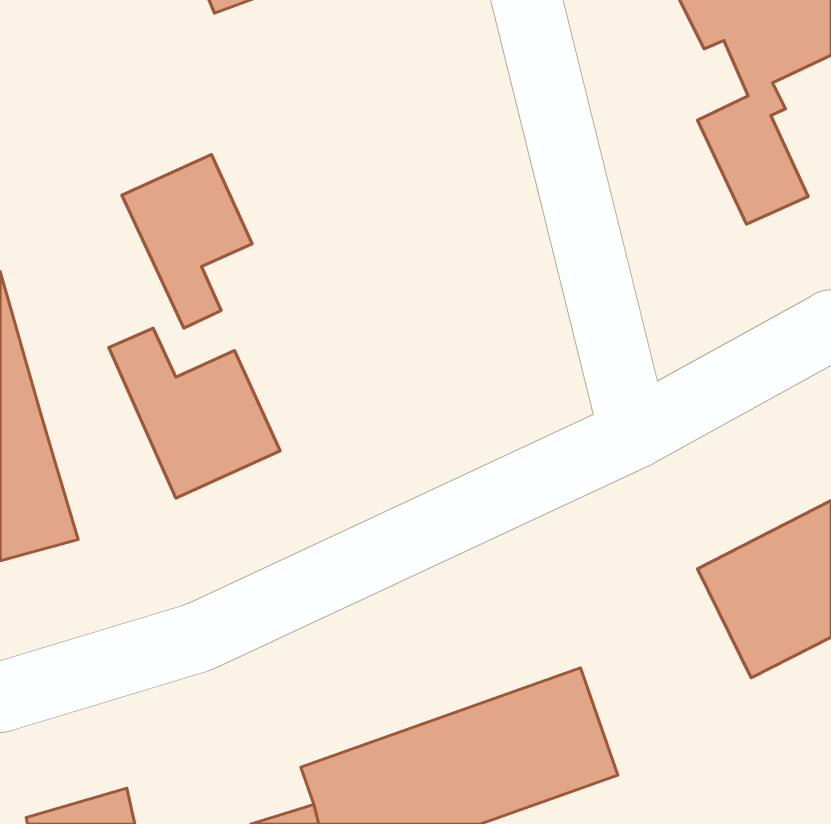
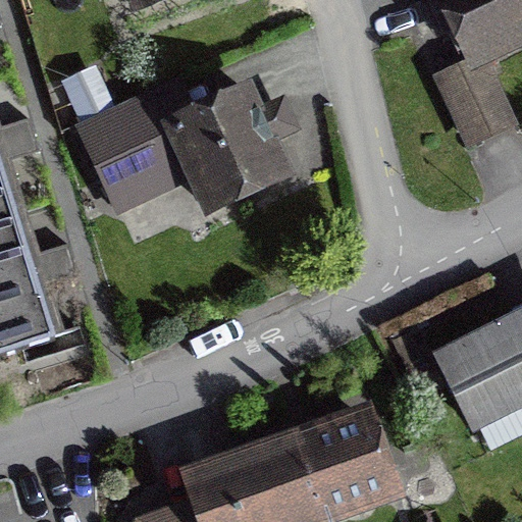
building: none -> [168,91,281,208]
building: [109,328,280,498] -> none

